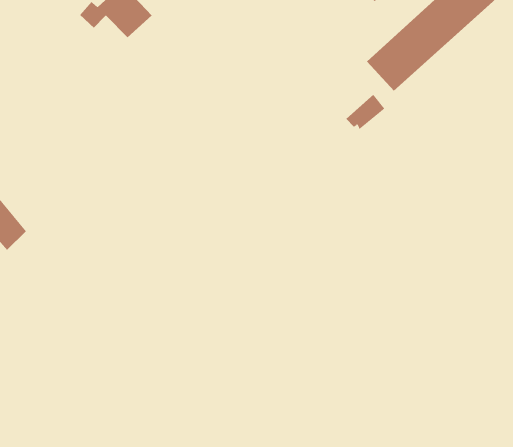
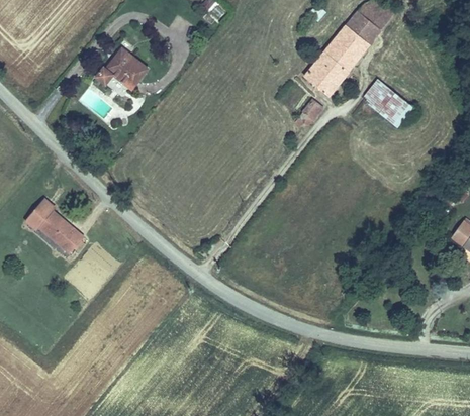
building: none -> [364,81,411,125]

